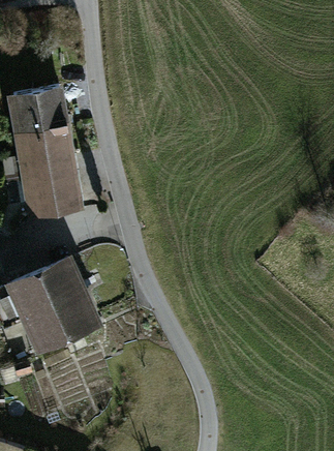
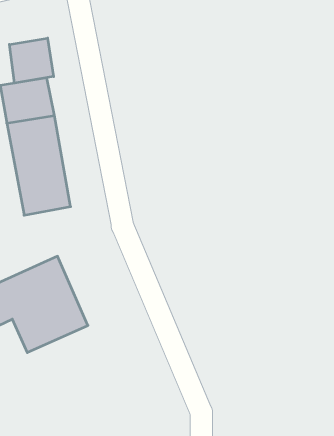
building: none -> [9,38,54,83]

